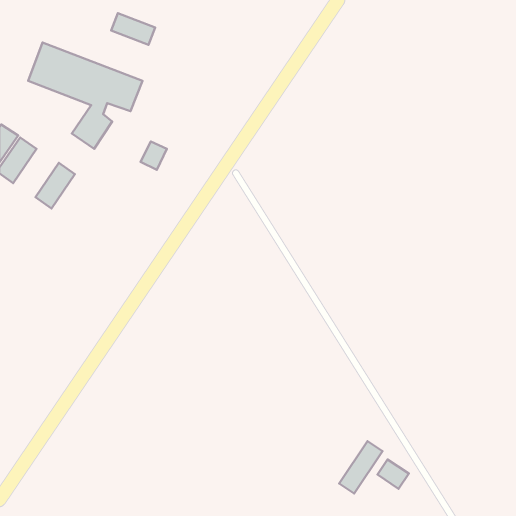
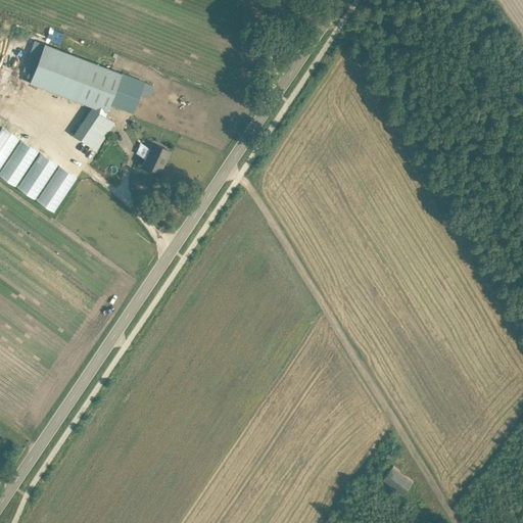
building: [111,13,155,45] -> none
building: none -> [16,153,56,199]
building: [339,441,382,493] -> none

